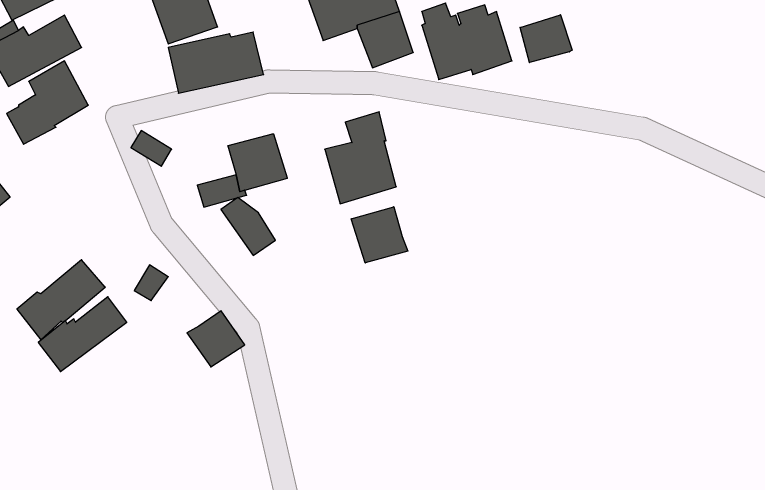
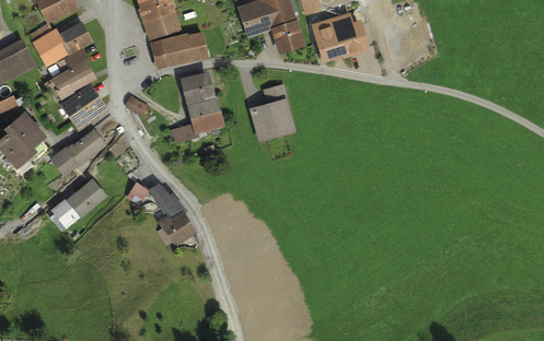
building: [520,15,572,63] -> none
building: none -> [178,71,215,105]
building: none -> [60,83,108,130]
building: [221,198,275,255] -> [147,184,182,221]
building: [351,207,408,263] -> none
building: [38,297,127,372] -> [48,129,105,177]

